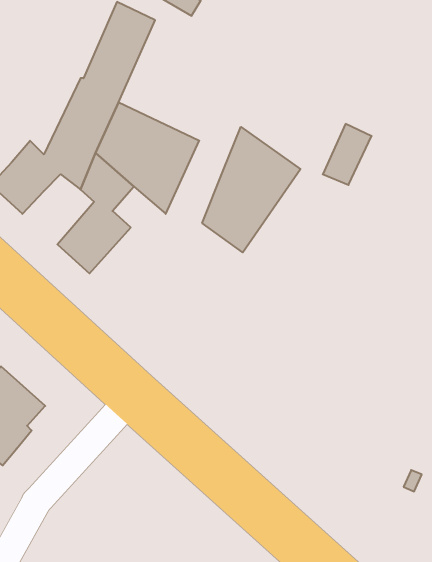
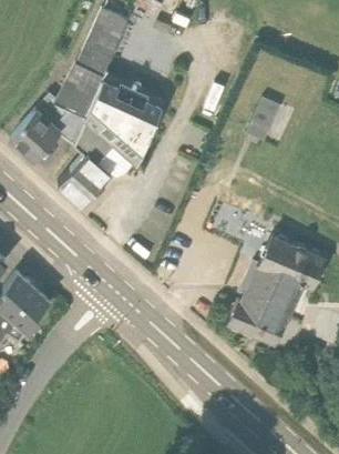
building: [202,127,300,252] -> none
building: none -> [229,233,326,344]

